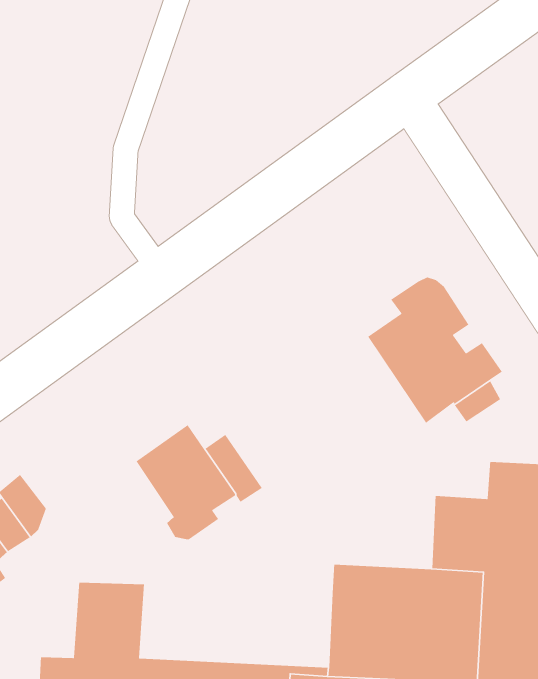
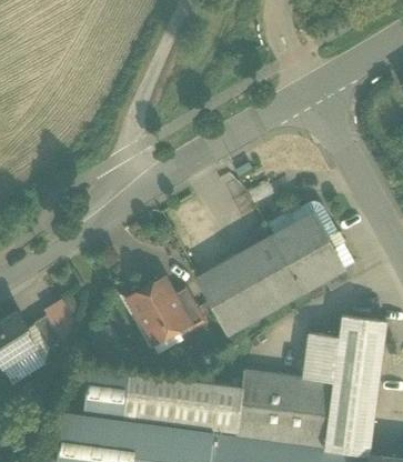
building: none -> [195,234,305,334]
building: none -> [122,373,241,432]

